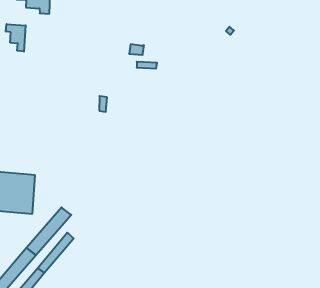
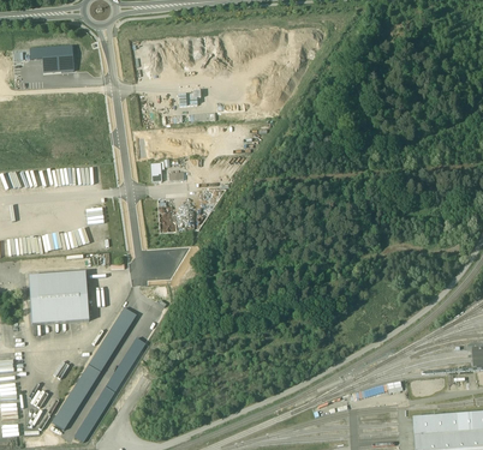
building: [6,24,26,52] -> none

